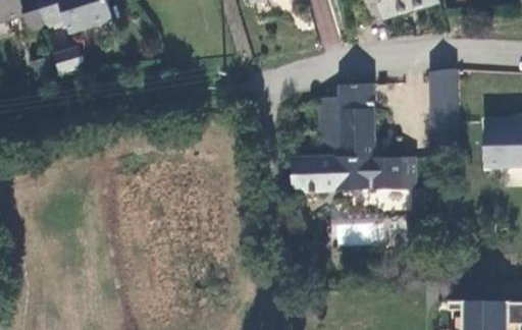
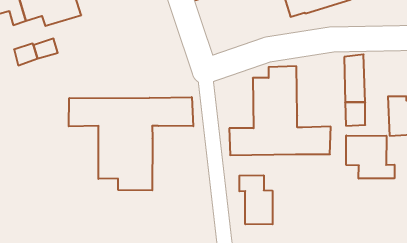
building: none -> [69,97,193,190]
building: none -> [346,135,394,179]
building: none -> [239,175,273,224]

